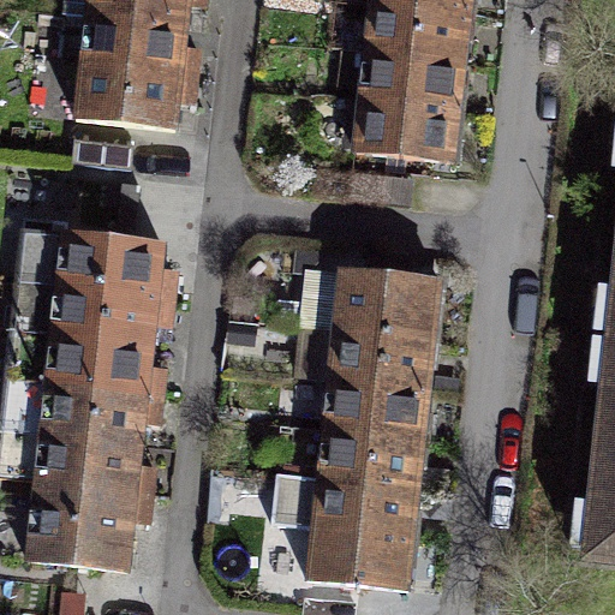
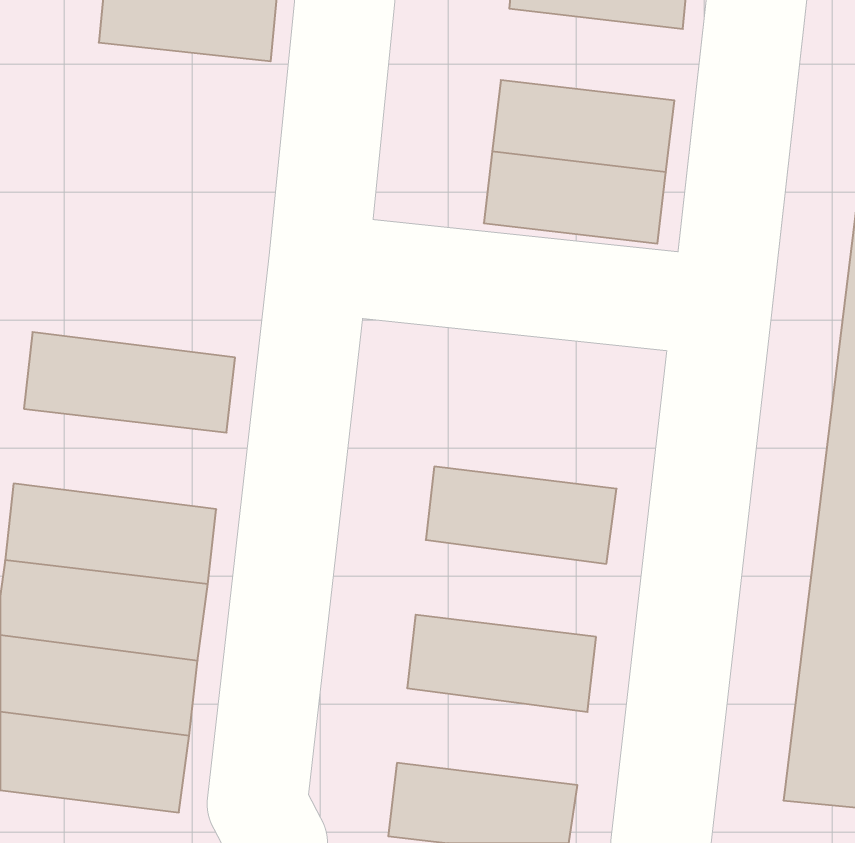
building: [364,6,492,71] -> none
building: [70,30,202,147] -> none
building: [317,276,452,345] -> none
building: [20,288,171,359] -> none
building: [304,381,438,449] -> none
building: [291,485,425,554] -> none

